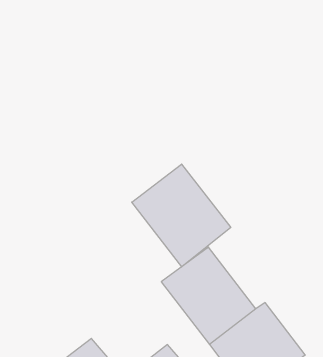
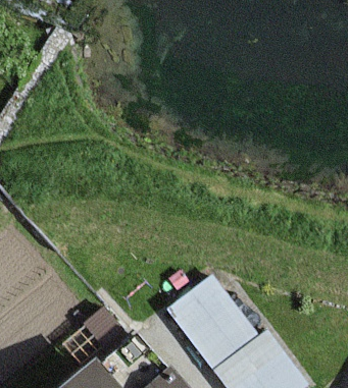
building: [132,164,231,267] -> none

